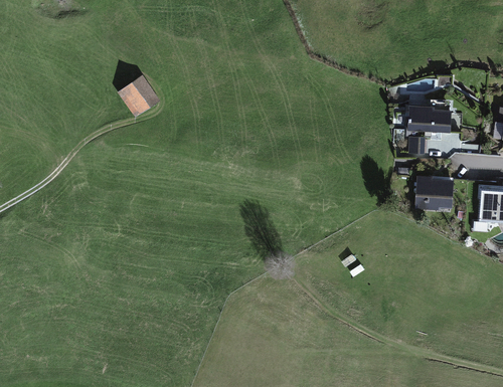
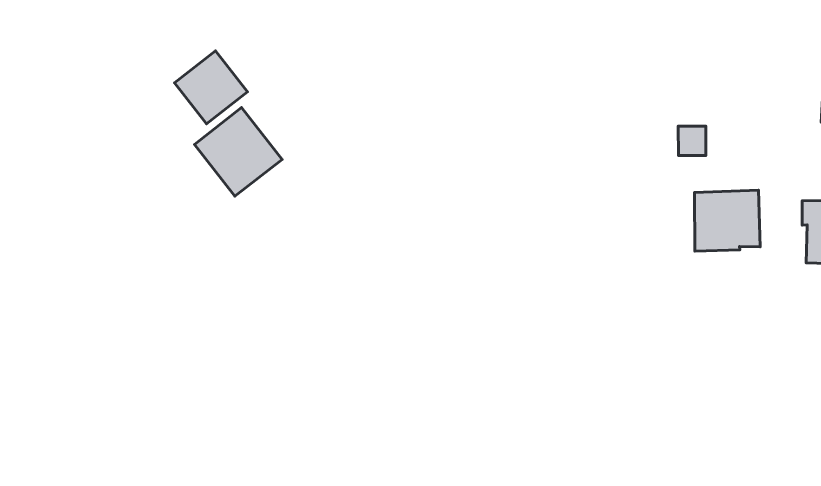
building: [407,105,452,133] -> none
building: none -> [194,108,282,196]

